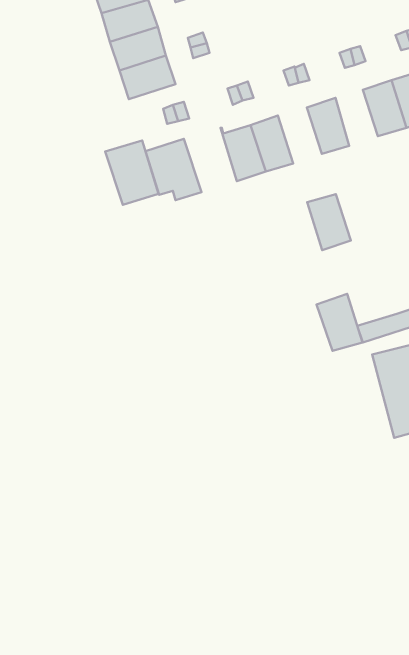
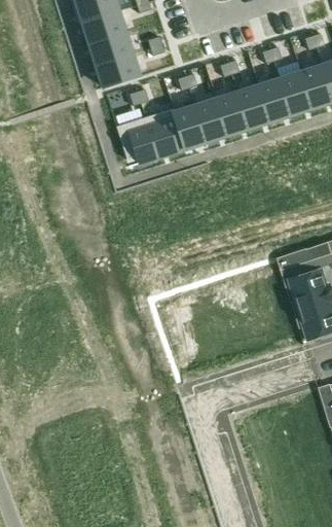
building: none -> [260,79,292,121]
building: [105,141,159,205] -> [146,108,186,156]
building: [307,194,351,250] -> [217,93,250,135]
building: [317,294,363,351] -> none

